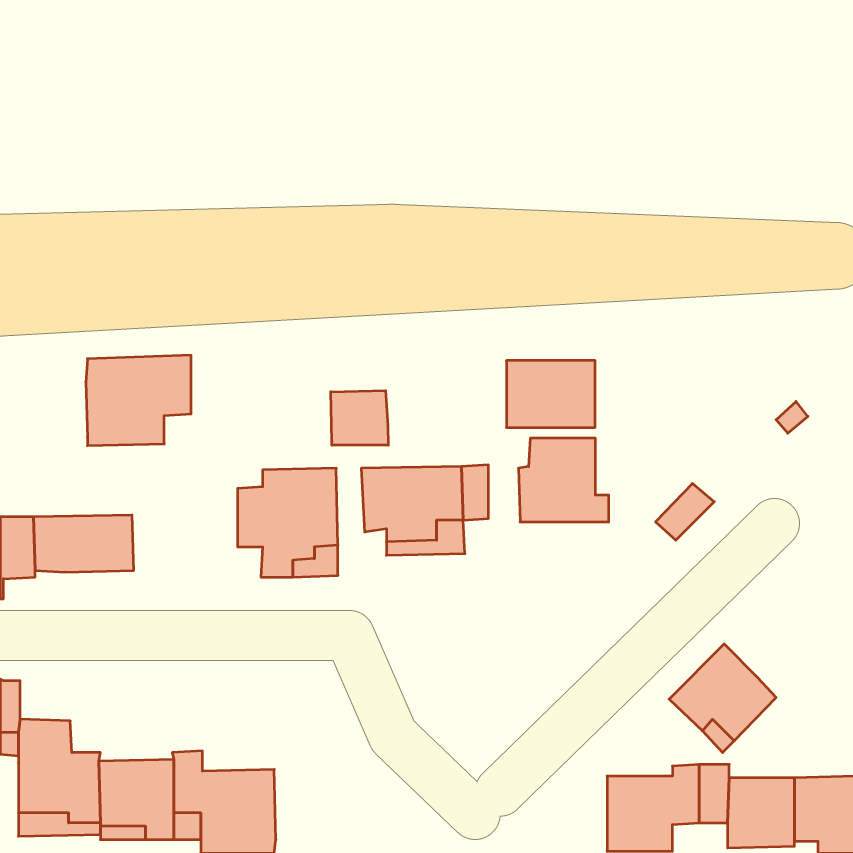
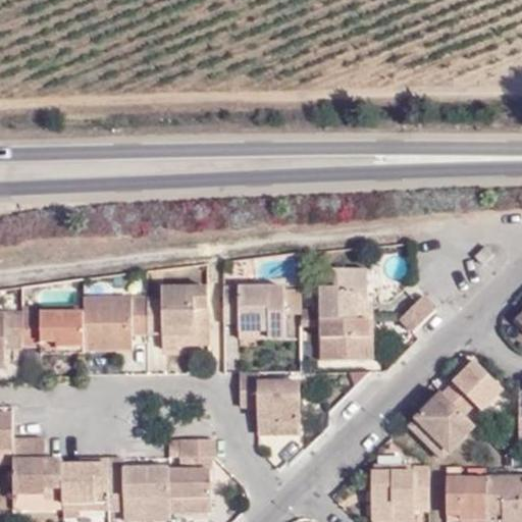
building: [86,355,191,446] -> [82,298,146,353]
building: [506,361,595,427] -> [318,318,372,359]
building: [331,391,388,445] -> none
building: none -> [442,361,503,413]
building: none -> [239,370,299,434]
building: none -> [168,438,213,512]

